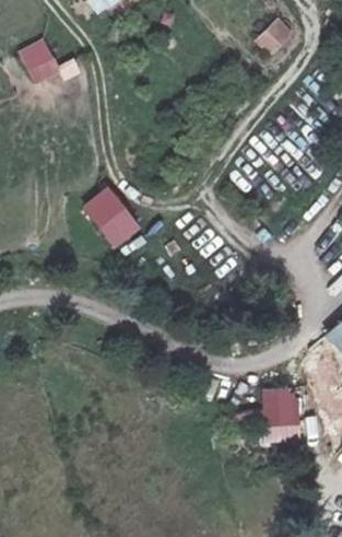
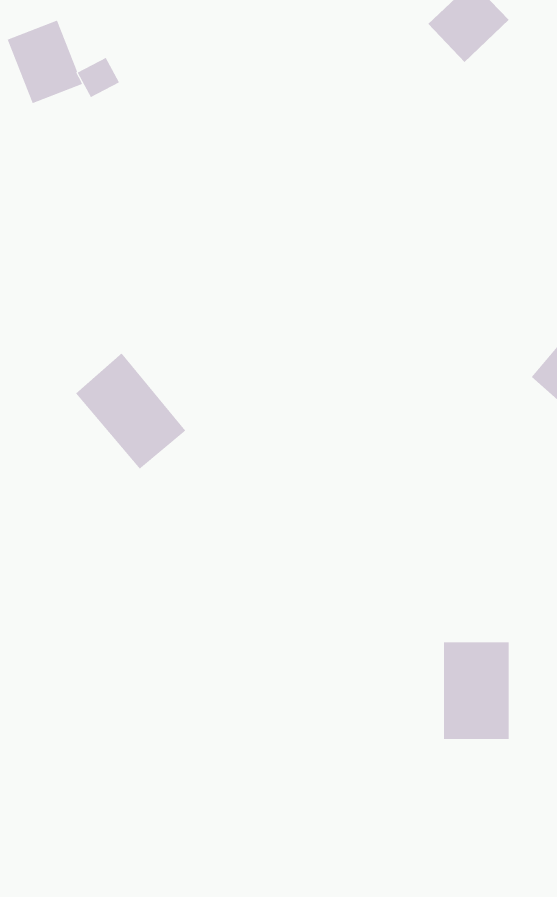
building: [87,188,150,254] -> [75,352,186,469]

